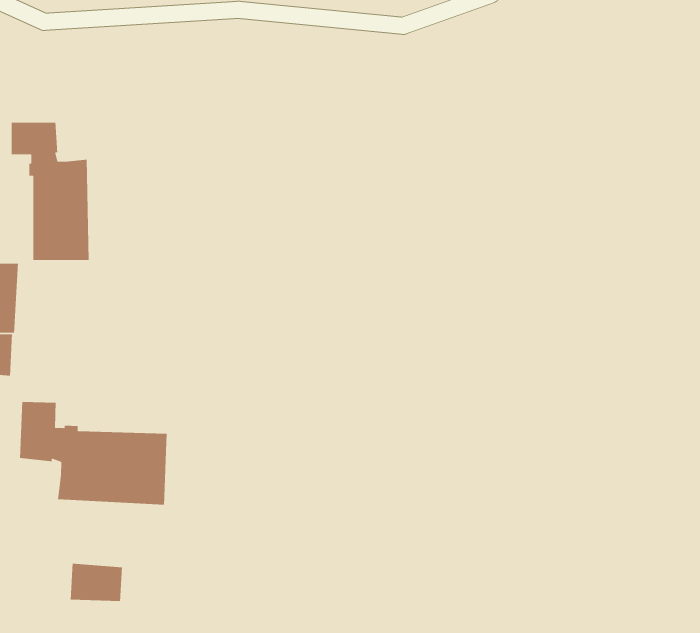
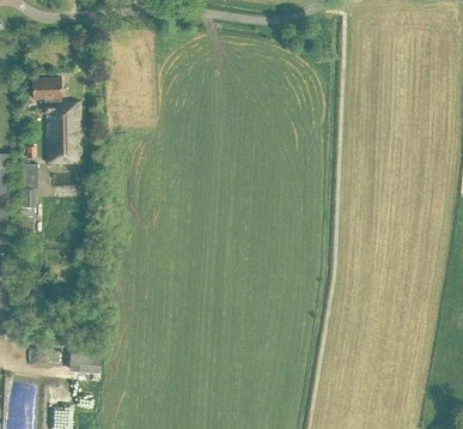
building: [19,401,168,505] -> none

